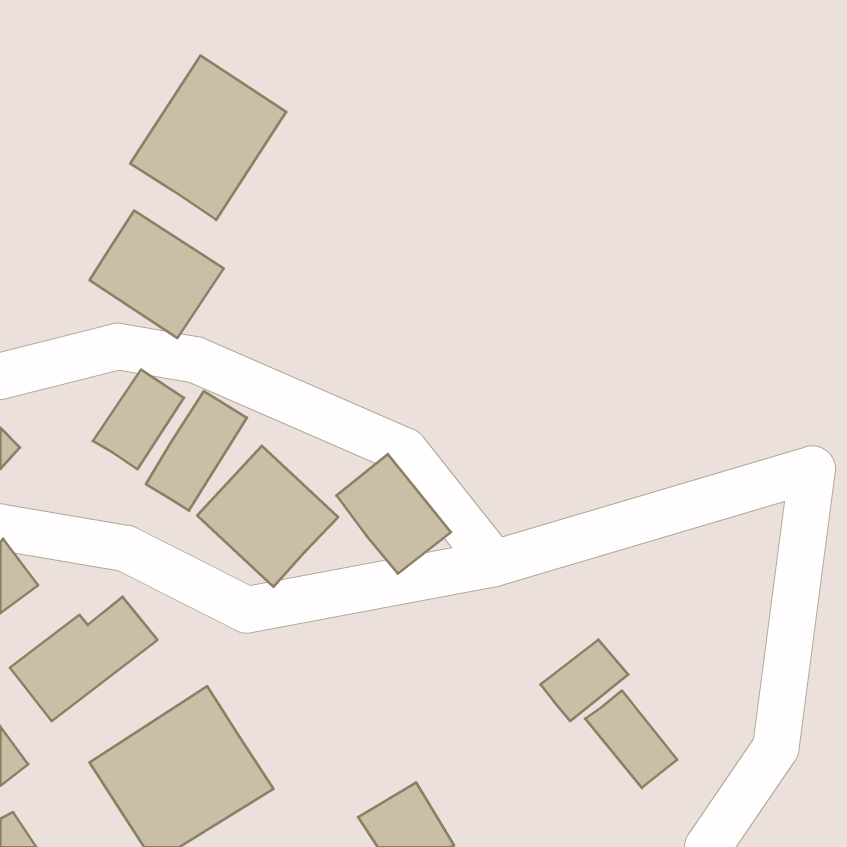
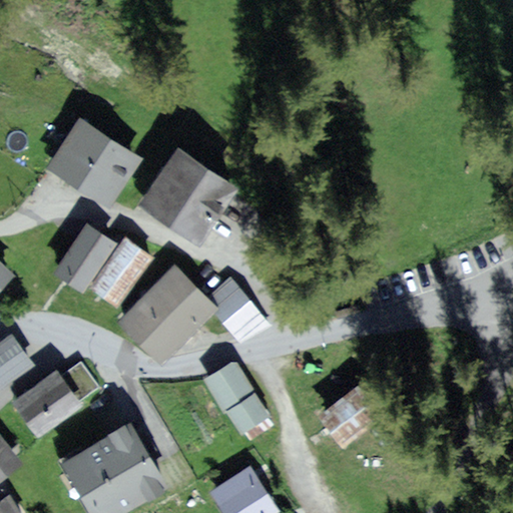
building: [130,56,286,220] -> none
building: none -> [146,157,231,240]
building: none -> [203,365,270,441]
building: [585,691,677,788] -> none

